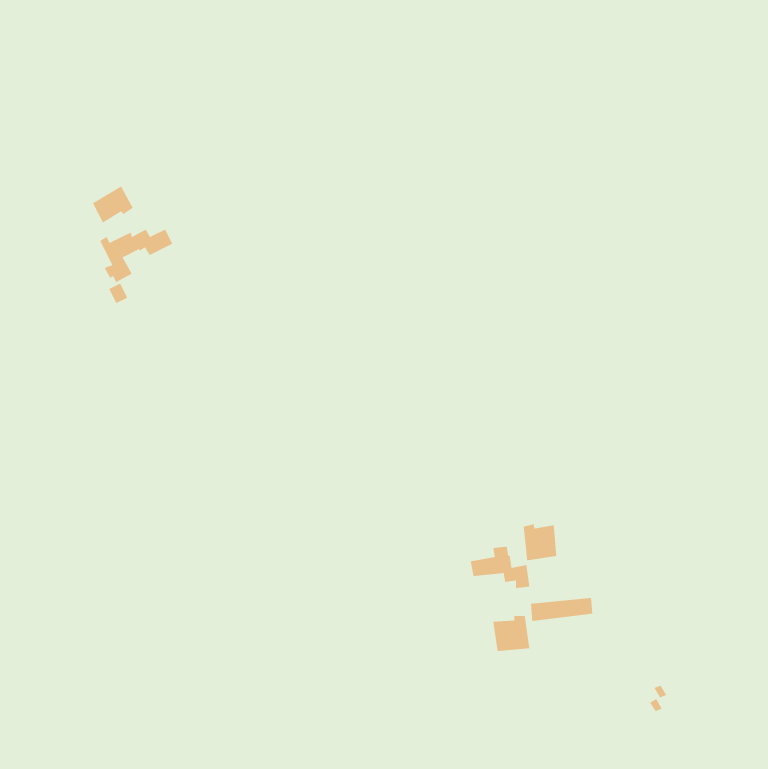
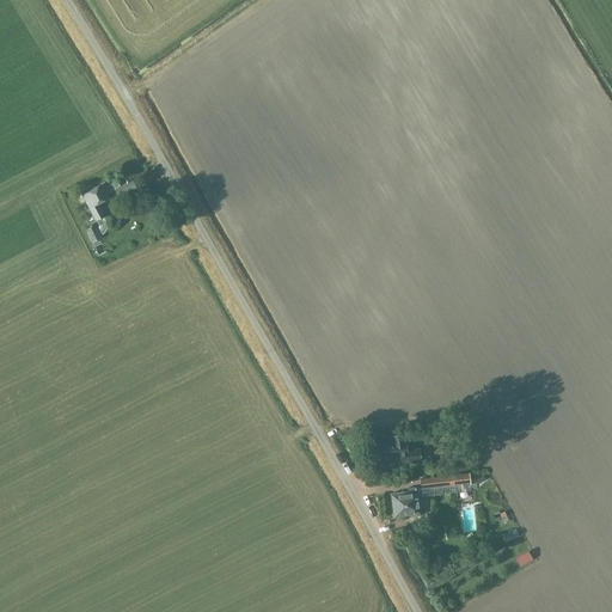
building: [92,186,134,223] -> none
building: [523,523,557,561] -> none

